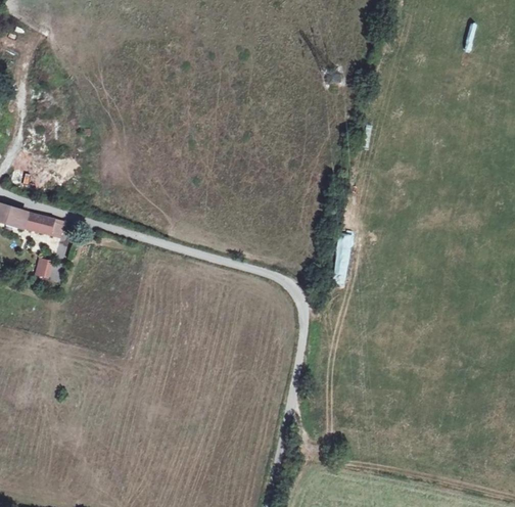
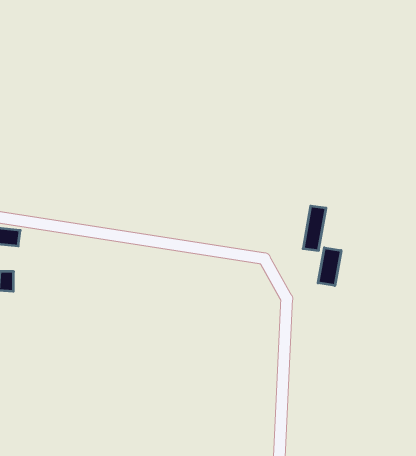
building: none -> [318,248,341,286]

